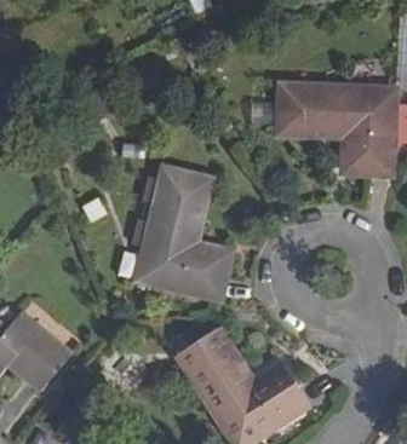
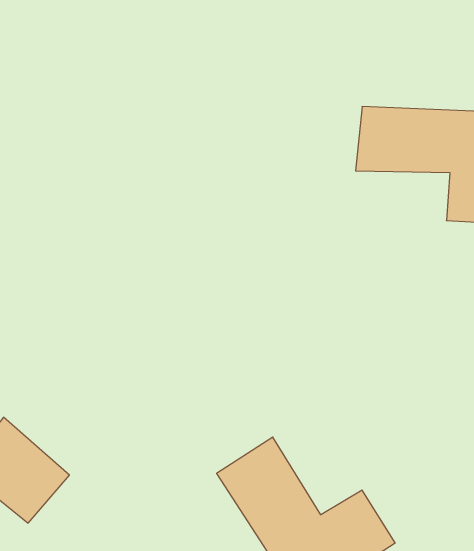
building: [143,169,229,296] -> none

